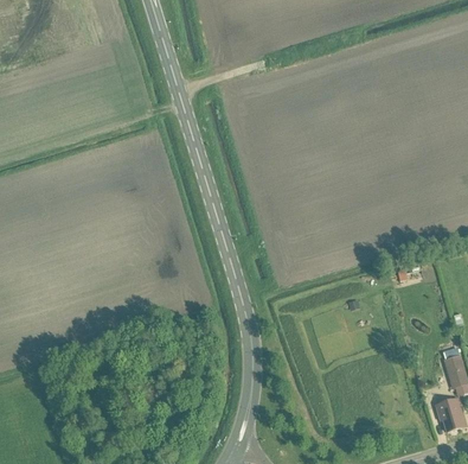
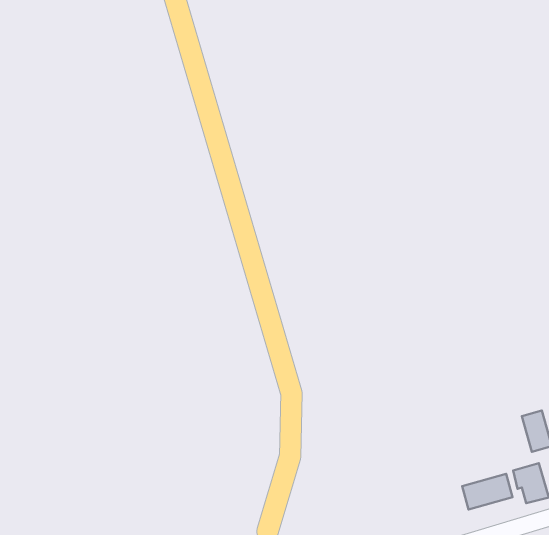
building: none -> [462,474,513,509]

